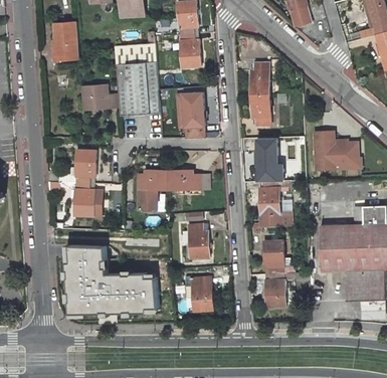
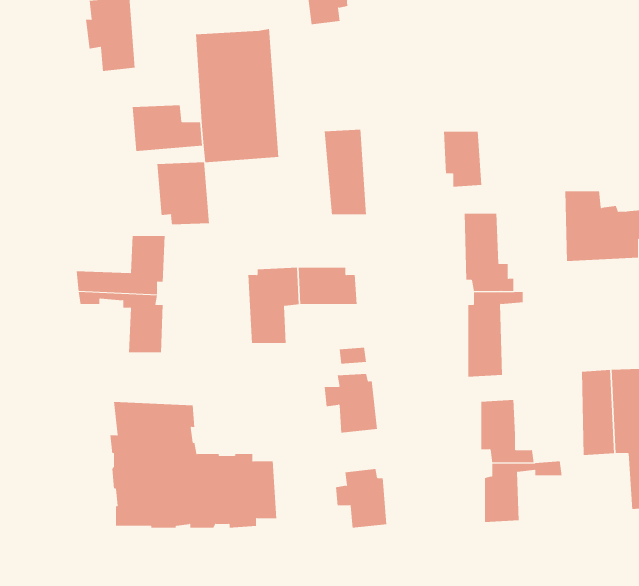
building: [176,38,199,71] -> none
building: [246,65,266,98] -> none
building: none -> [157,161,210,225]

